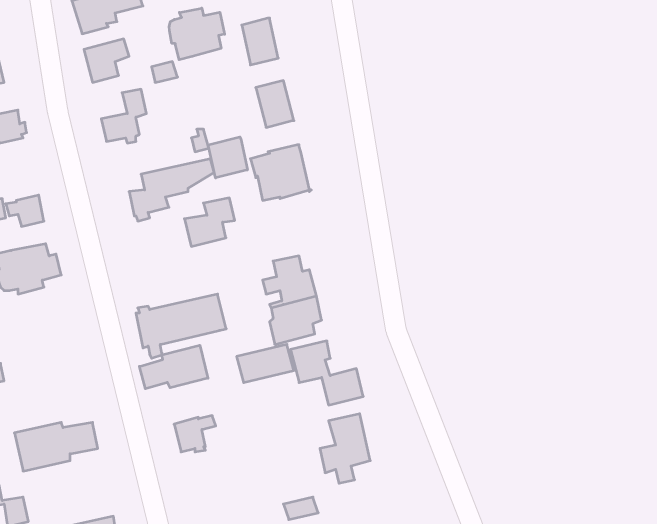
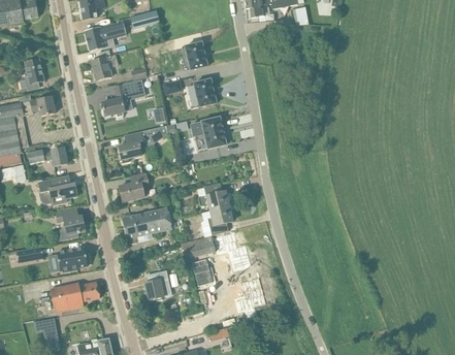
building: [169,8,225,60] -> none
building: [208,137,247,178] -> none
building: [184,198,235,246] -> [119,172,149,201]
building: none -> [56,208,85,240]
building: [139,345,208,389] -> none
building: none -> [58,247,88,270]
building: none -> [196,255,219,284]

